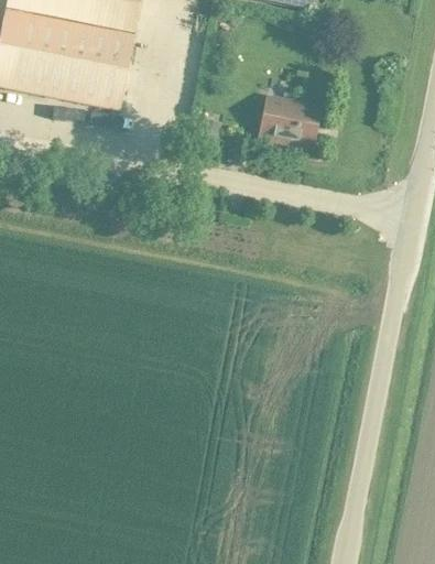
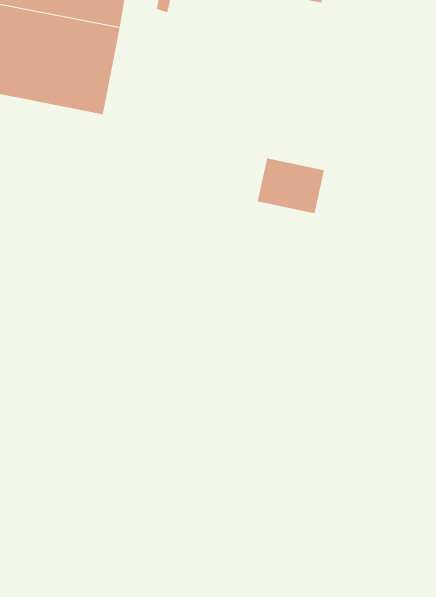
building: [258,96,319,147] -> [257,158,325,214]

